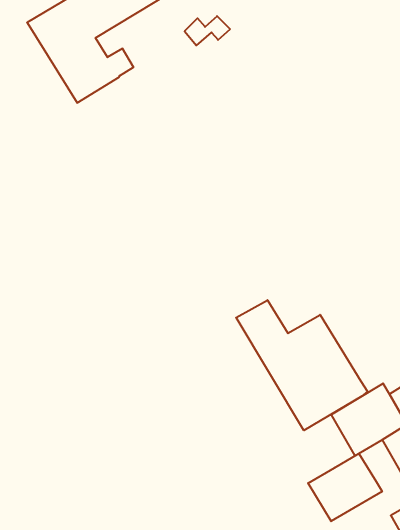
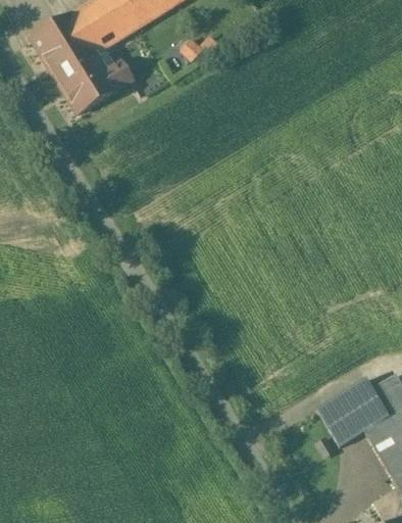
building: [236,300,368,430] -> none
building: [308,454,382,521] -> none

